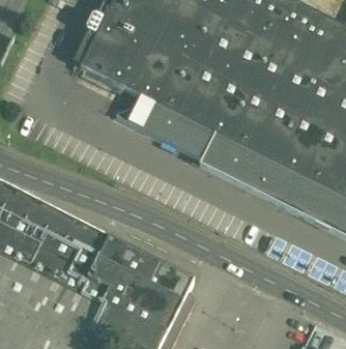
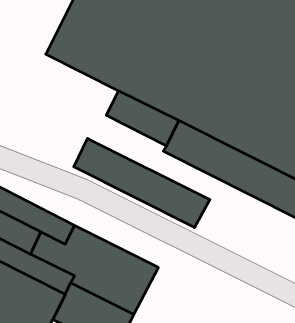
building: none -> [74,138,210,228]

